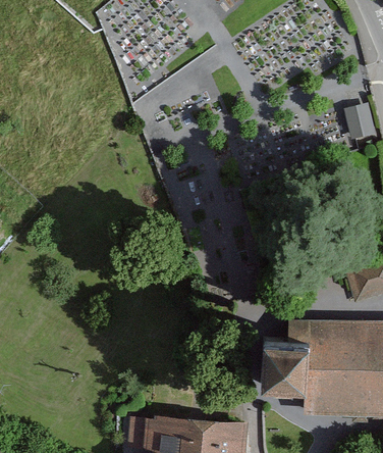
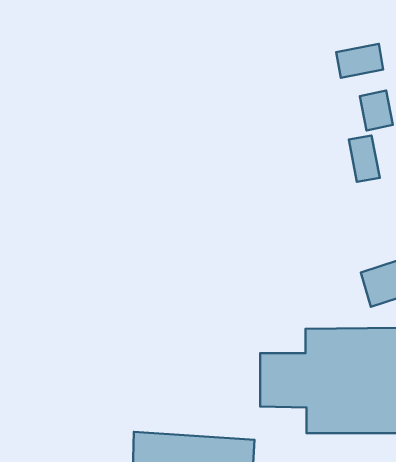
building: none -> [336,44,383,78]
building: none -> [349,136,380,182]

